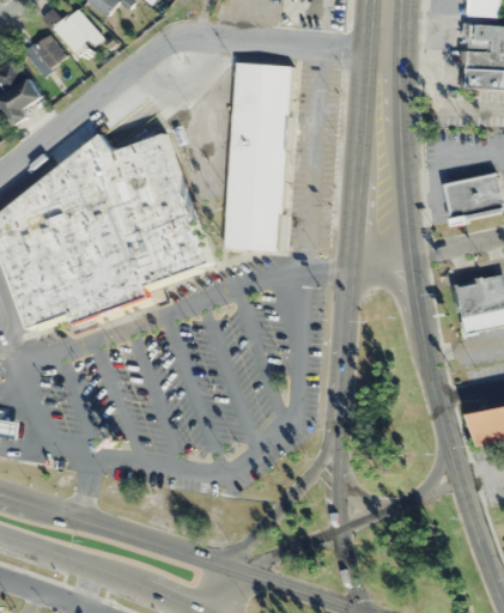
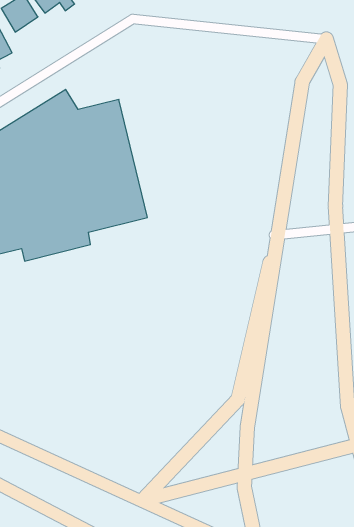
building: [221,60,300,255] -> none

